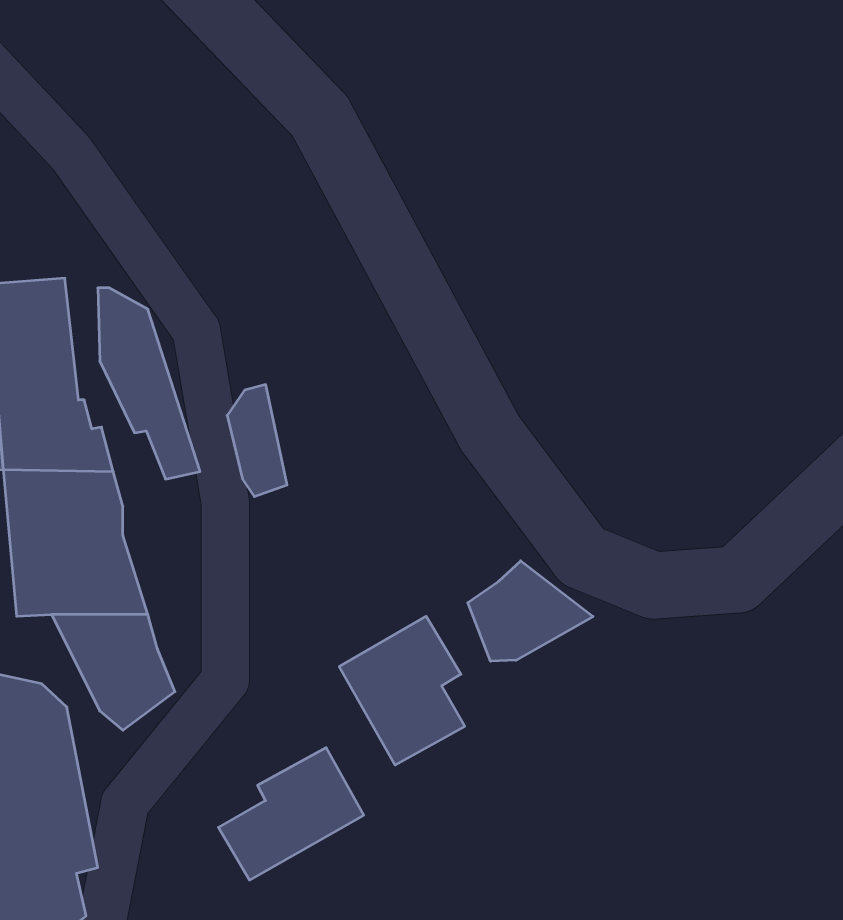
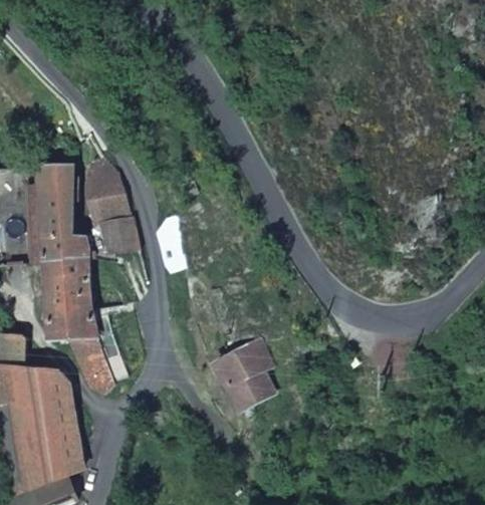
building: [468,561,593,661] -> none
building: [218,748,364,880] -> none

